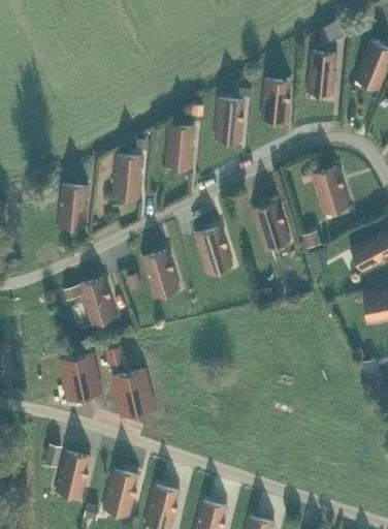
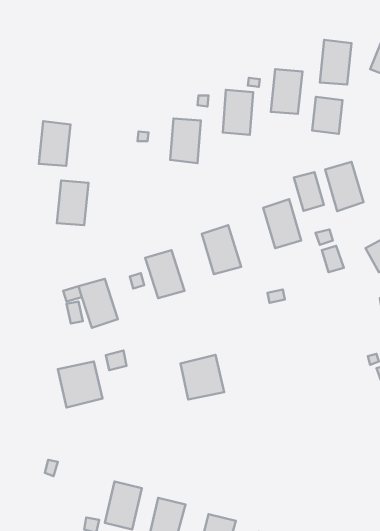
building: none -> [312,97,342,134]
building: [112,156,142,198] -> [39,121,70,166]
building: none -> [294,172,324,211]
building: [109,372,151,414] -> [180,355,224,400]
building: [55,453,90,498] -> none

